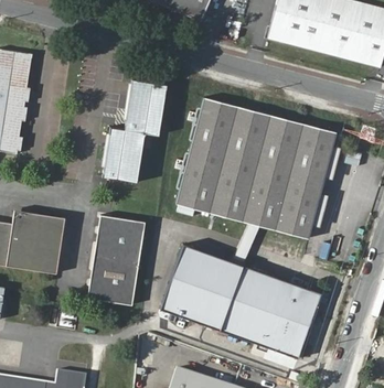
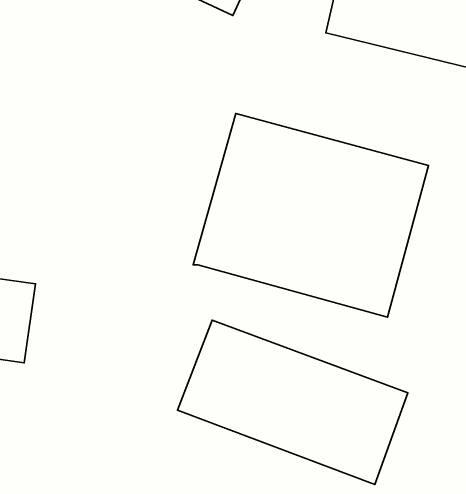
building: [103,79,166,183] -> none
building: [87,213,143,301] -> none

